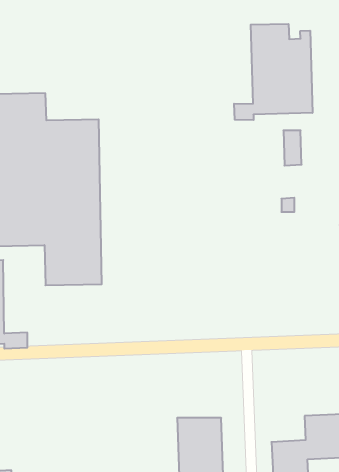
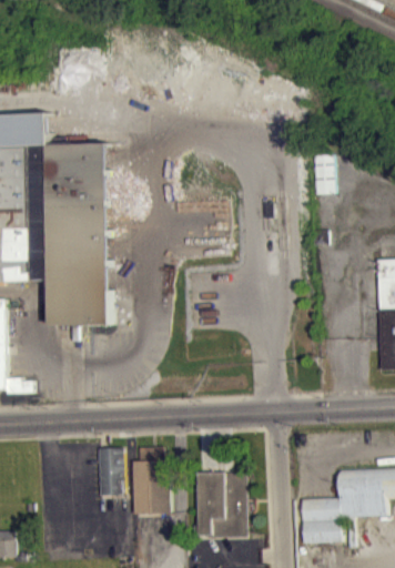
building: [234,24,312,120] -> none
building: none -> [132,446,169,514]
building: none -> [98,448,123,496]

